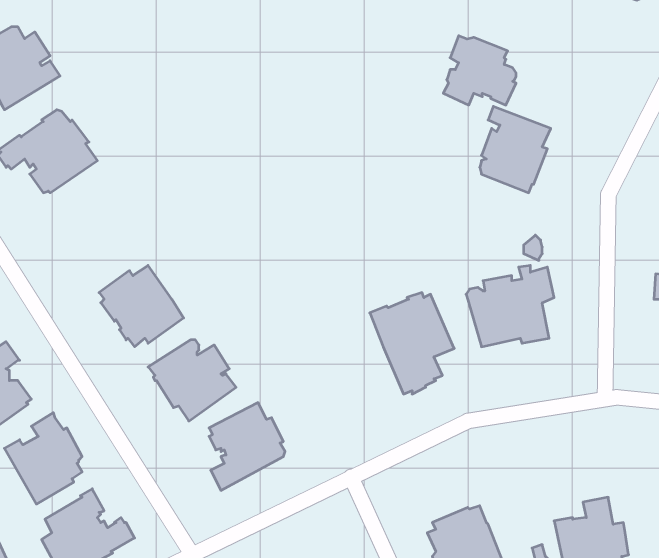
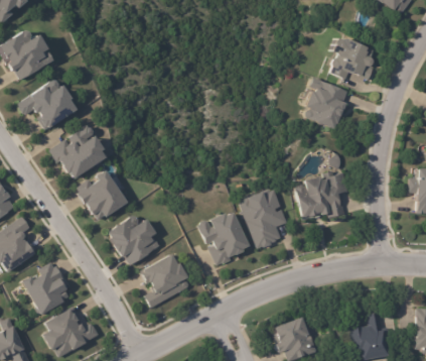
building: [443,36,516,105] -> [330,38,374,80]
building: none -> [49,125,106,178]
building: none -> [196,212,250,266]

